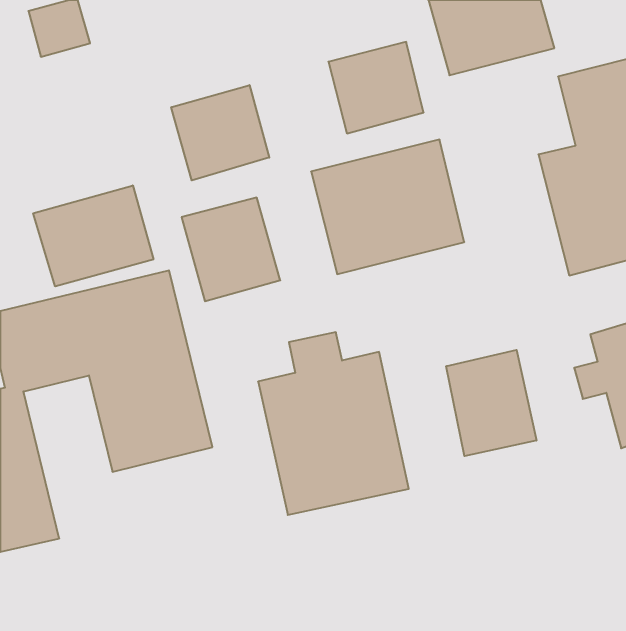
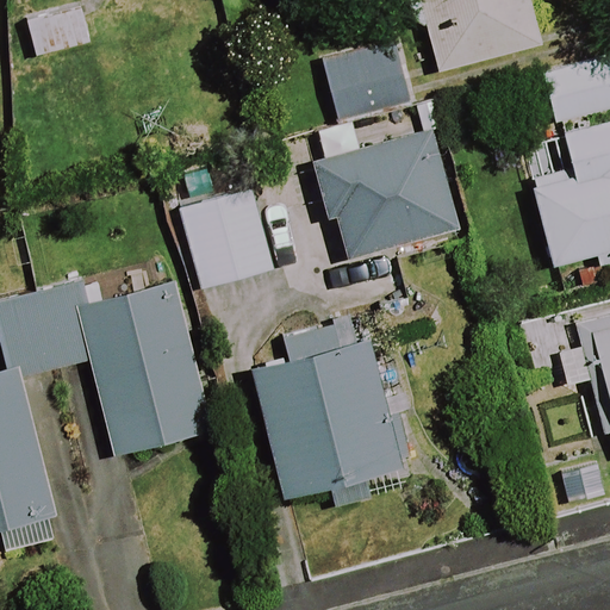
building: [171,85,269,180] -> none
building: [33,185,153,286] -> none
building: [446,350,536,456] -> none

